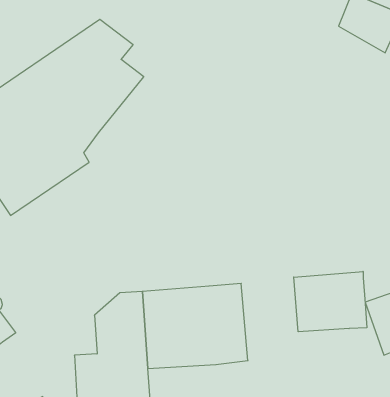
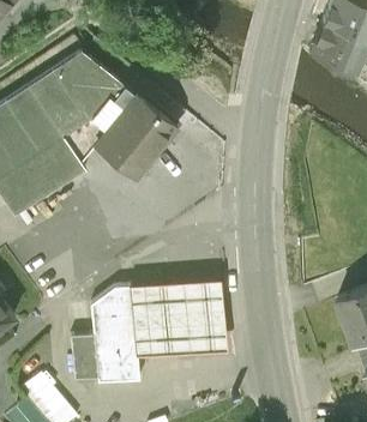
building: none -> [94,91,176,176]
building: [294,271,367,332] -> none

